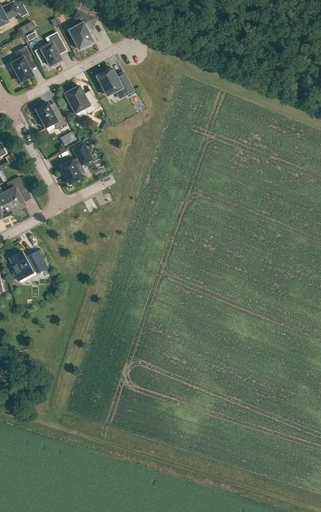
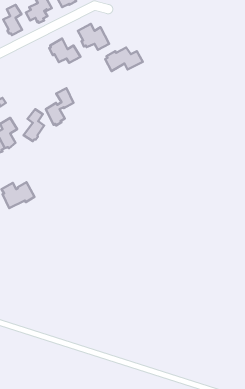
building: none -> [105,47,143,71]
building: [36,102,66,128] -> none
building: none -> [24,109,44,141]

